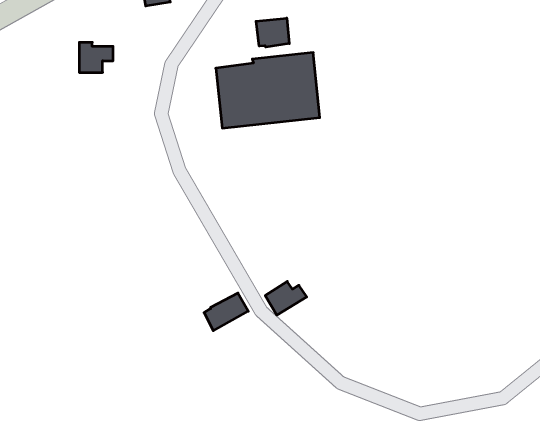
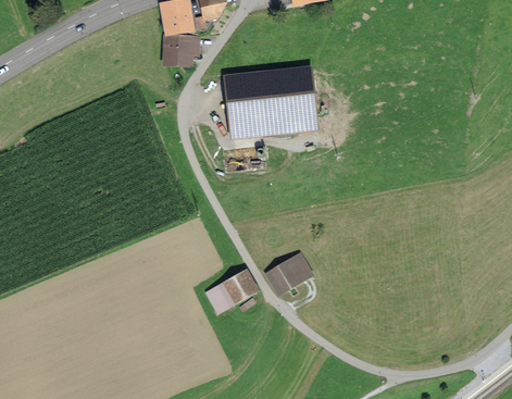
building: [256,18,289,47] -> none
building: [79,42,113,72] -> [167,37,196,62]

